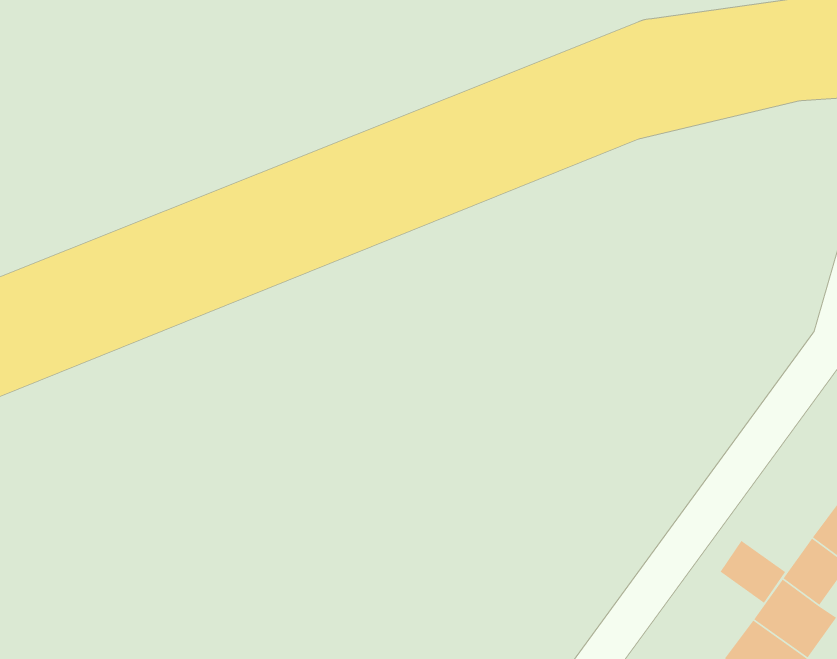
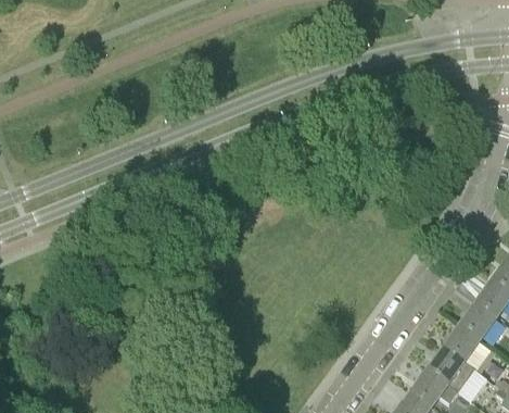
building: [719,540,786,604] -> none

